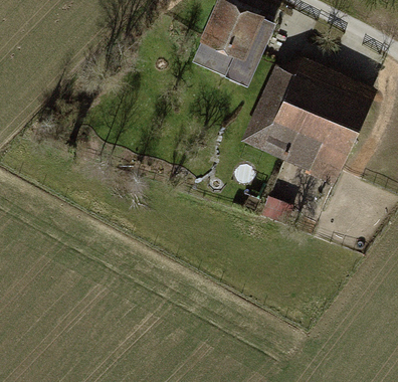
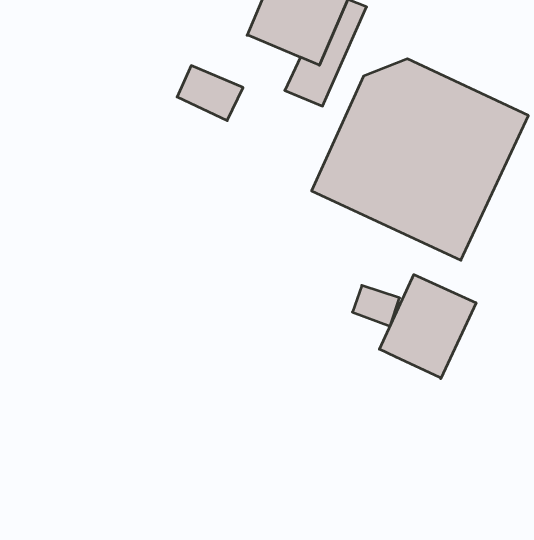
building: [191,41,233,76] -> [177,66,243,121]
building: none -> [379,275,476,379]

